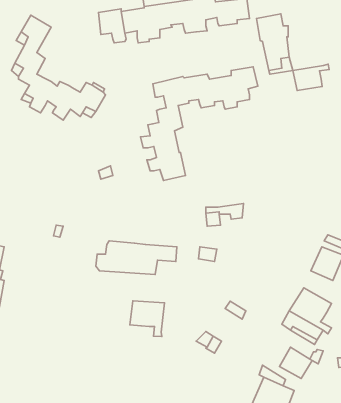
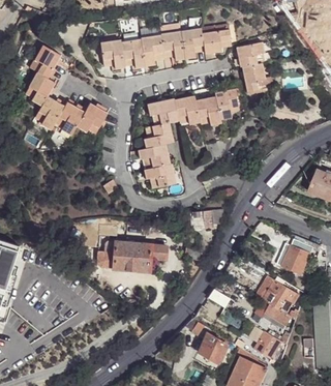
building: [293,64,329,91] -> none
building: [130,301,165,337] -> none
building: none -> [195,332,228,365]

